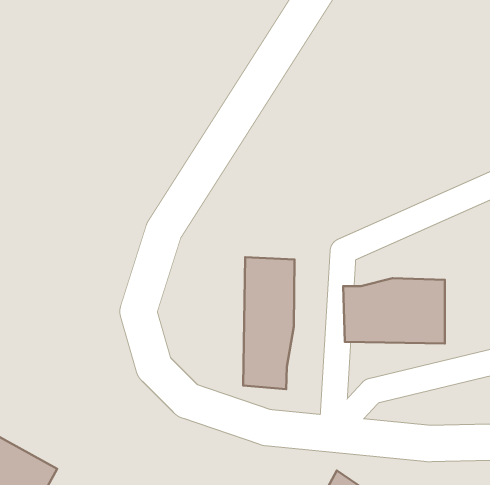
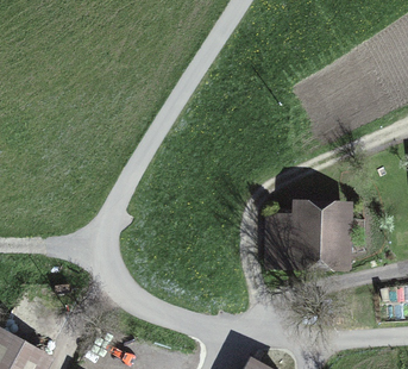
building: [243,257,294,389] -> none

